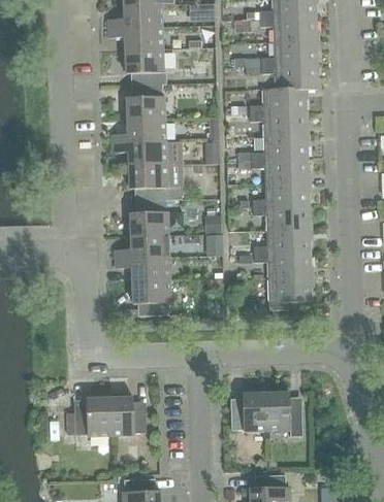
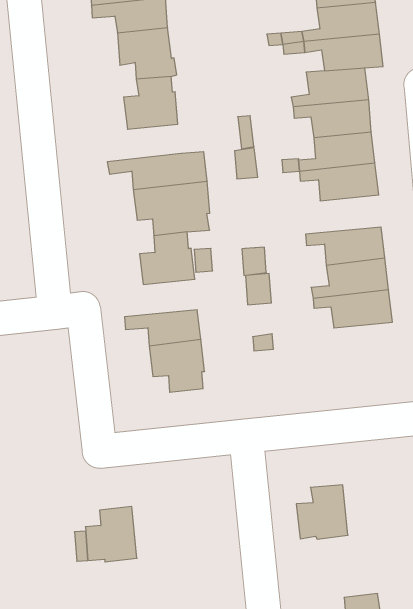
building: [110,120,165,143] -> none
building: [252,182,308,207] -> none
building: [114,234,168,258] -> none
building: [267,276,311,309] -> none
building: [265,392,302,436] -> none
building: [109,396,146,435] -> none

